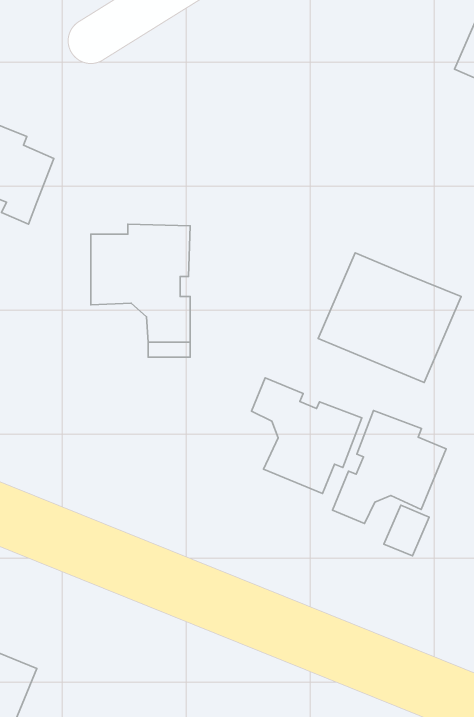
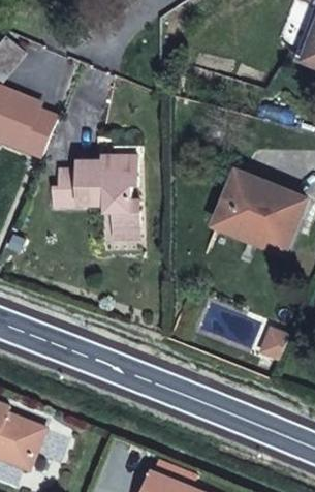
building: [252,378,362,493] -> none
building: [332,410,446,523] -> none

